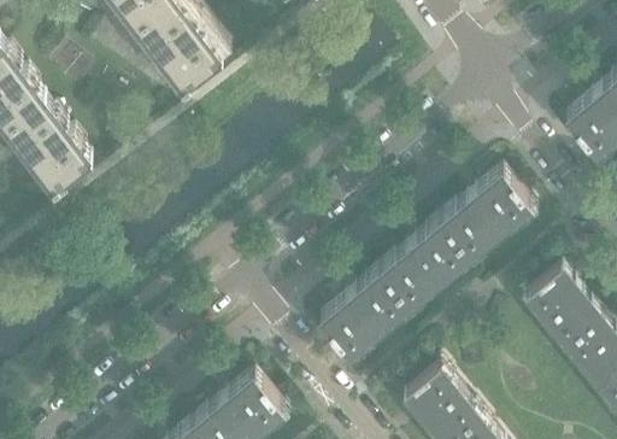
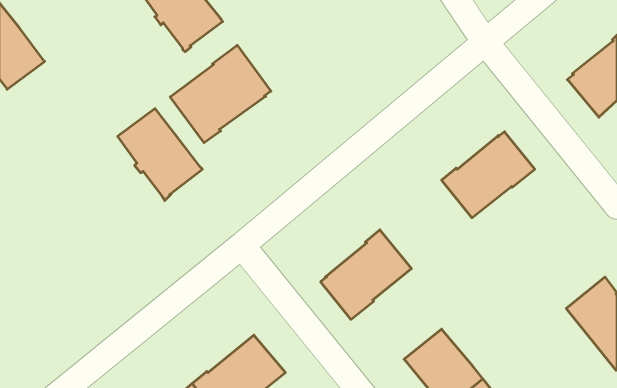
building: none -> [170,45,271,143]
building: [7,103,92,194] -> [118,109,202,201]
building: [378,221,470,309] -> none
building: [524,269,603,349] -> none

